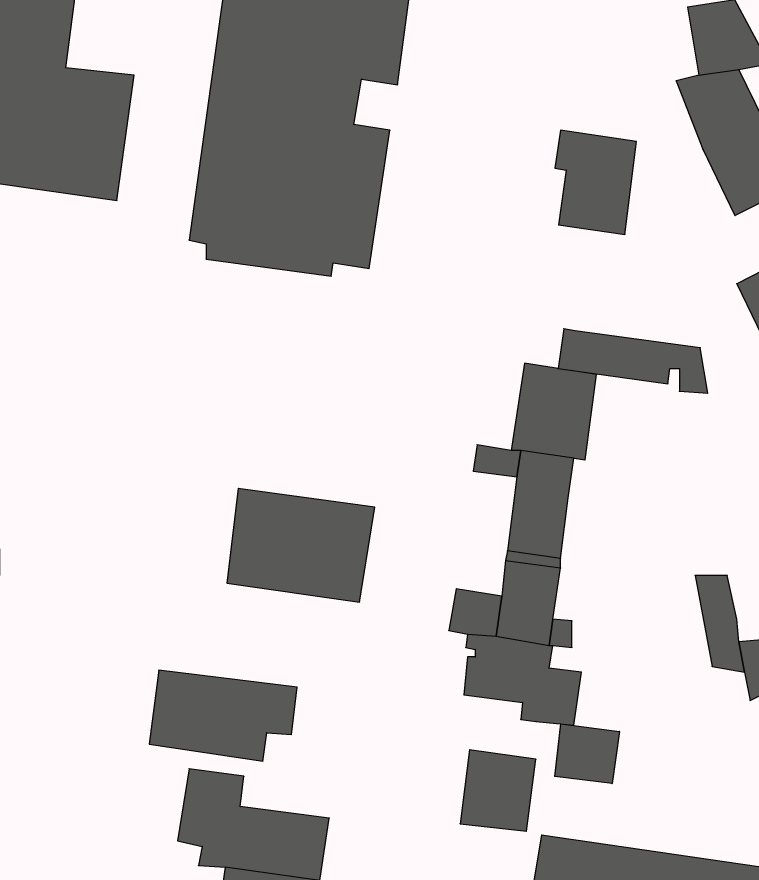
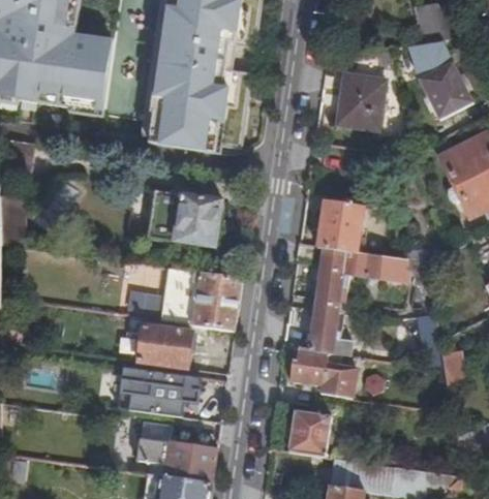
building: [558,329,708,393] -> [347,251,429,286]
building: none -> [148,189,222,246]
building: none -> [137,323,192,367]
building: [555,724,619,784] -> none

